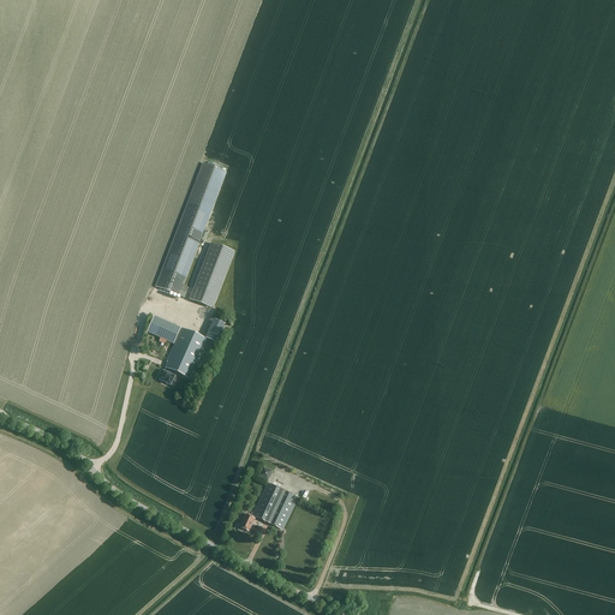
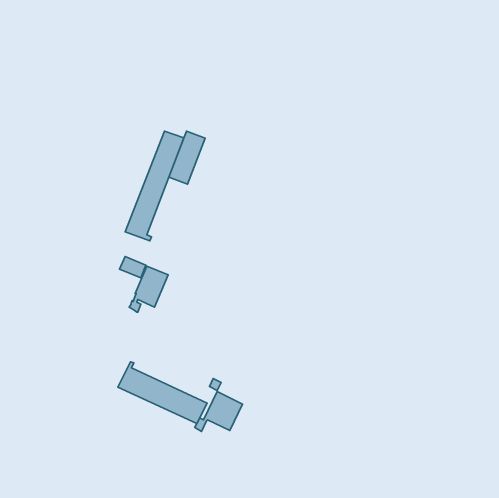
building: [189,241,233,306] -> [169,131,205,184]
building: none -> [118,362,207,423]

